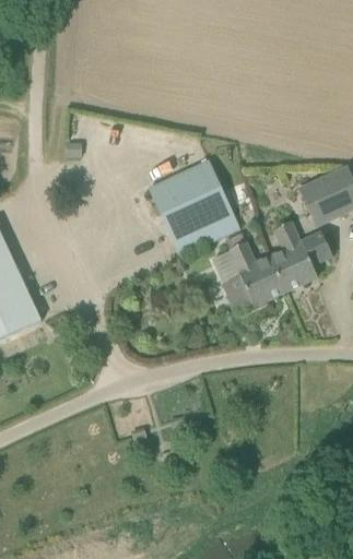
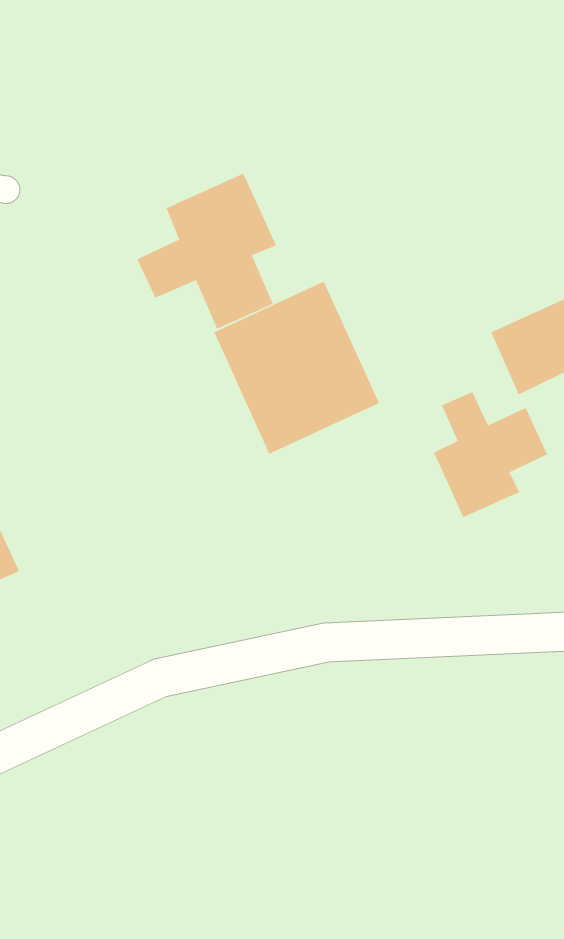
building: none -> [136,173,277,330]
building: [212,230,285,309] -> none

